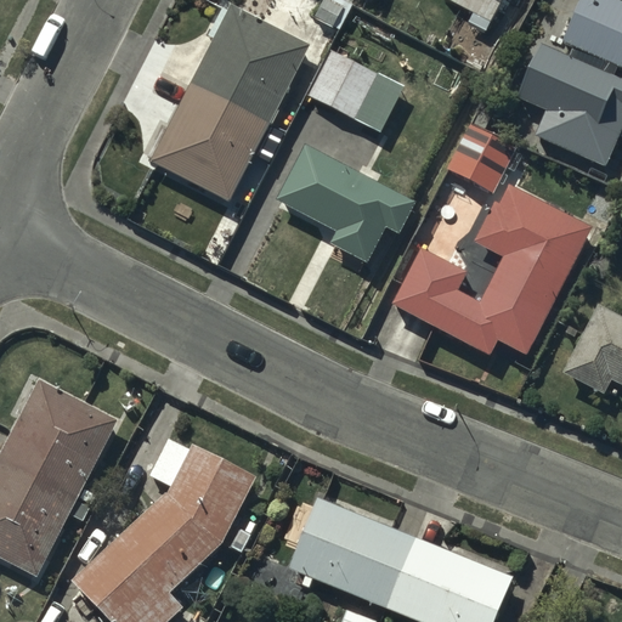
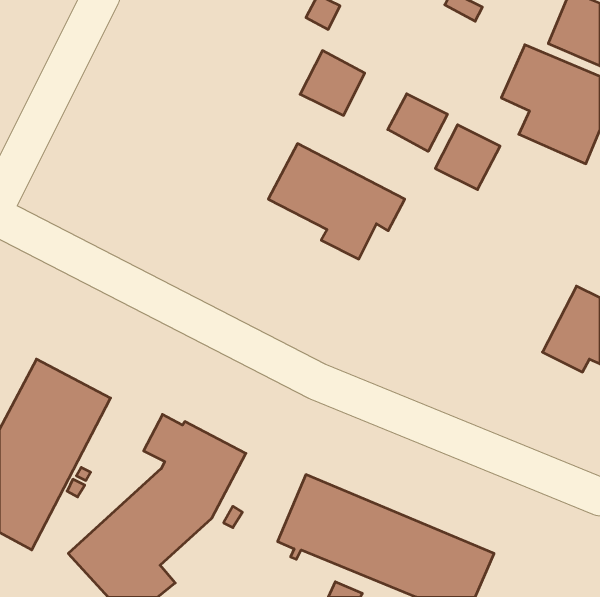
building: [153,9,310,204] -> none
building: none -> [388,94,447,151]
building: [395,191,593,357] -> none

